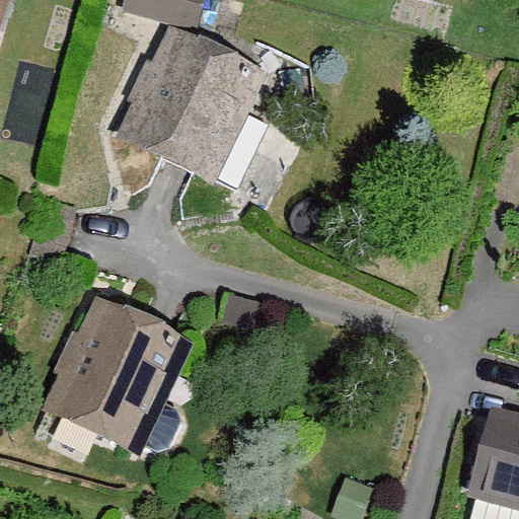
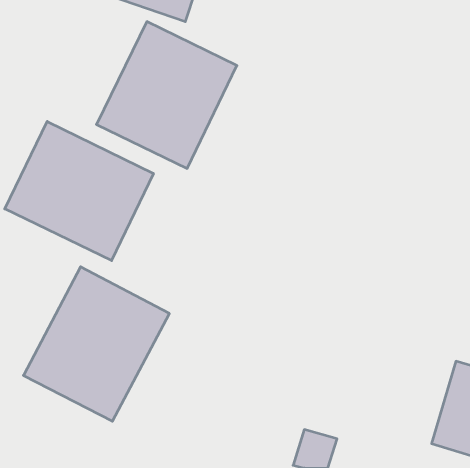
building: none -> [5,121,153,261]

